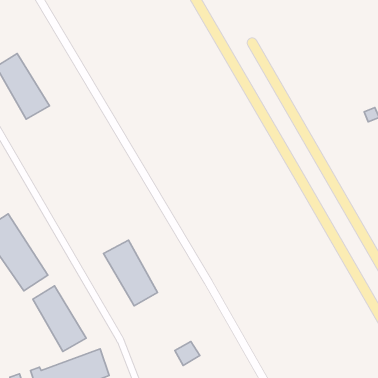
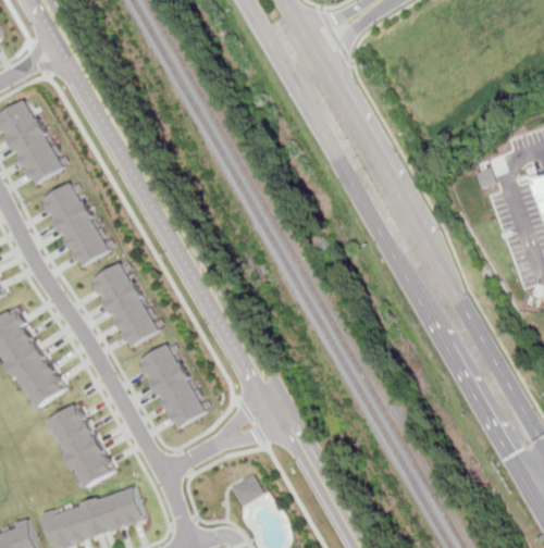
building: none -> [40,180,110,267]
building: none -> [90,261,159,347]

